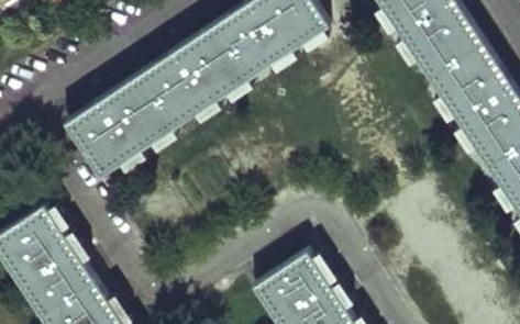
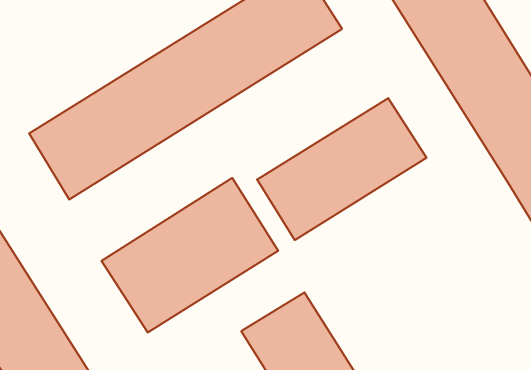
building: none -> [257,98,426,240]
building: none -> [102,178,278,333]

